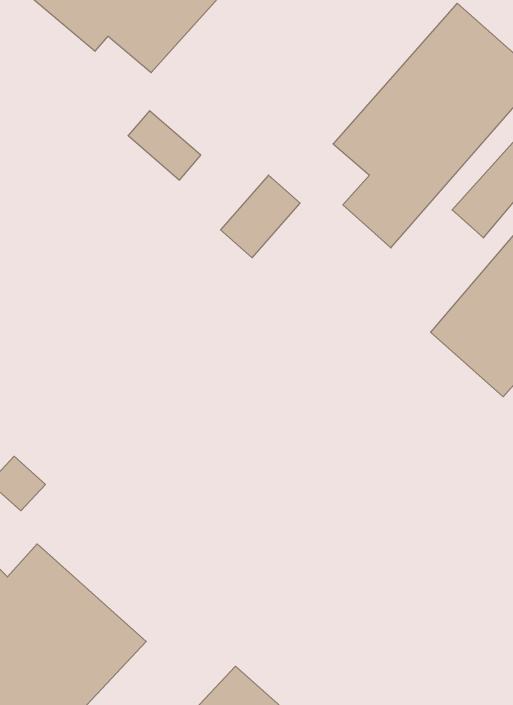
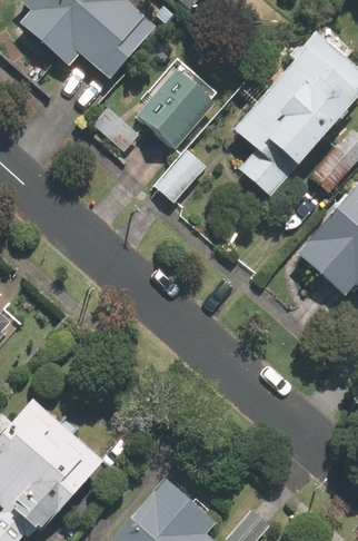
building: none -> [138,69,217,149]

